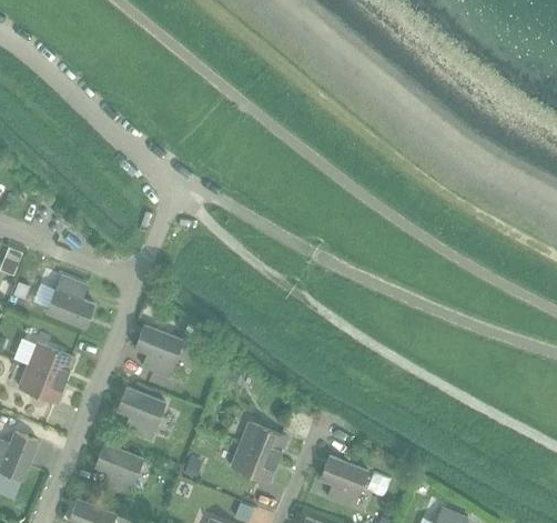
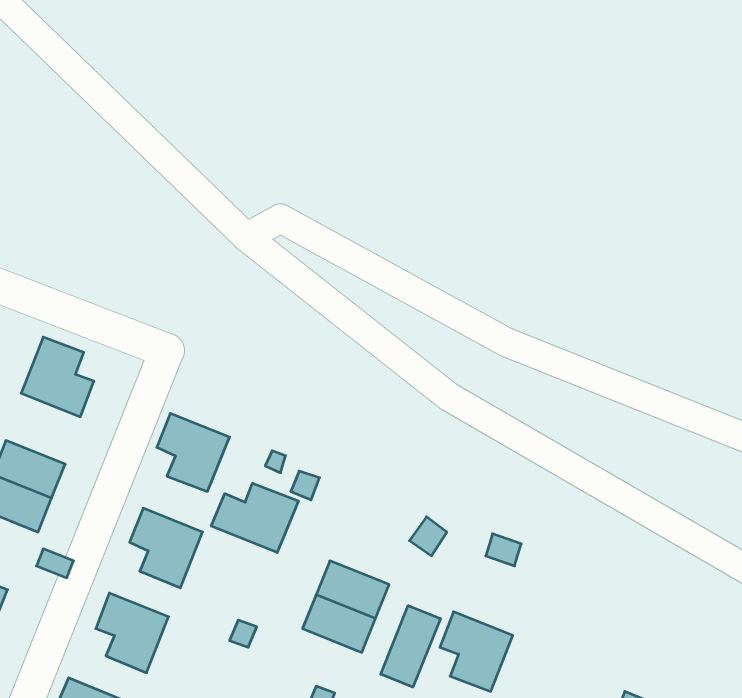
building: none -> [211,483,298,553]
building: none -> [381,606,440,687]

